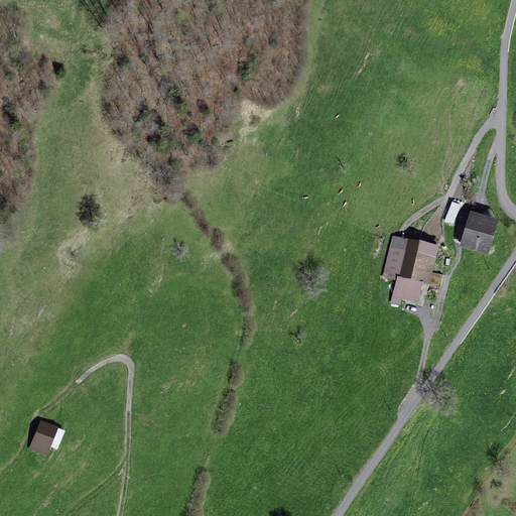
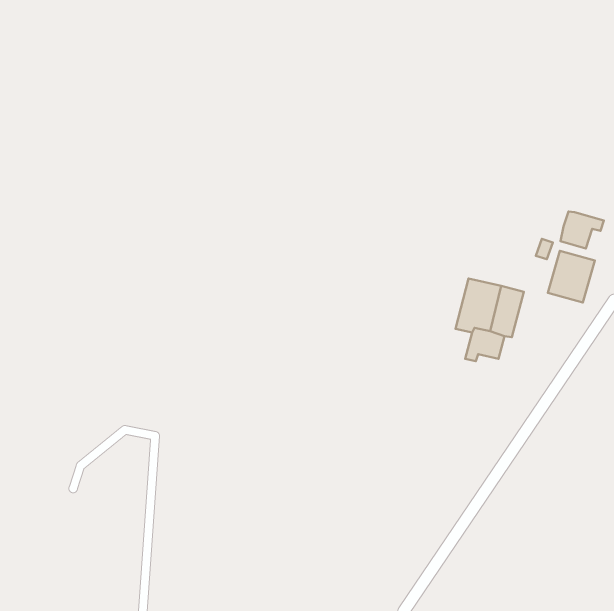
building: none -> [561,212,604,248]
building: [29,419,58,455] -> none

